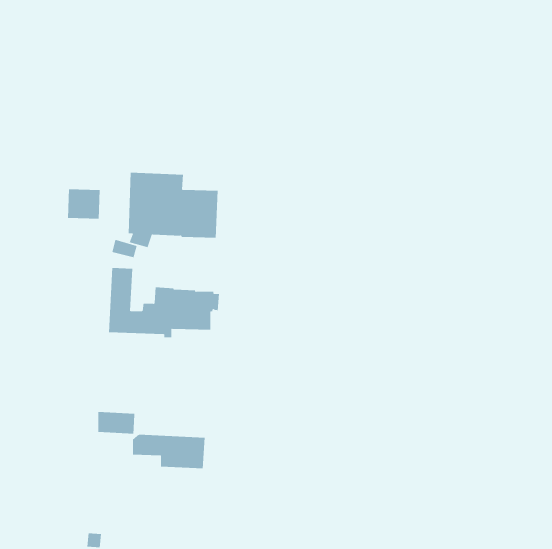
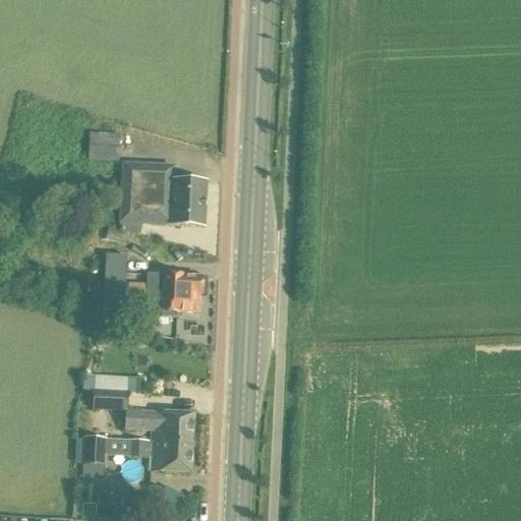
building: [67,189,101,219] -> [89,130,120,159]
building: none -> [82,433,192,470]

